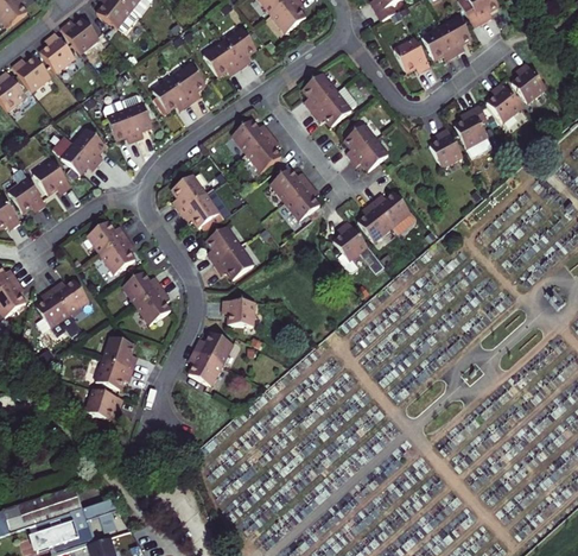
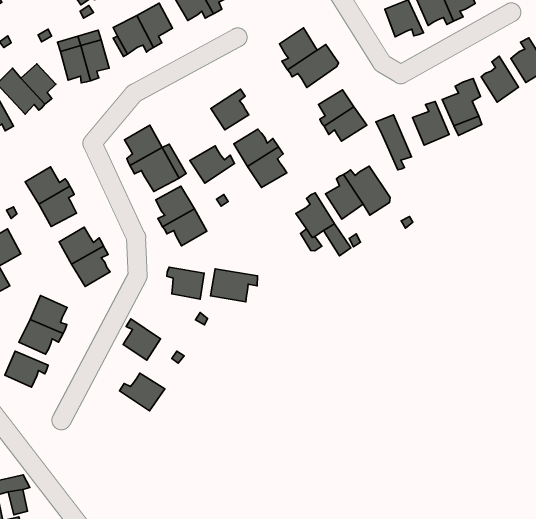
building: [231,119,272,153] -> [190,146,235,183]
building: none -> [376,115,412,170]
building: none -> [210,269,258,302]
building: [193,331,234,365] -> [120,373,165,411]

